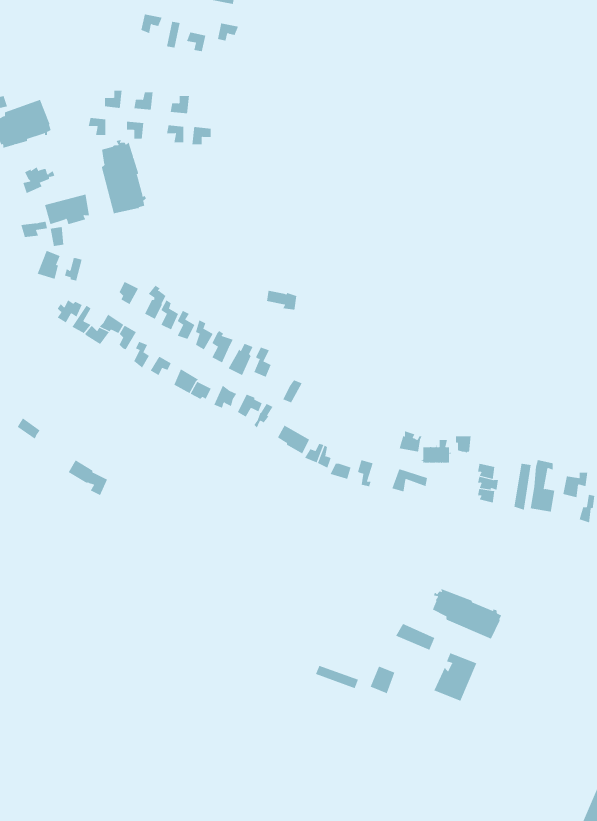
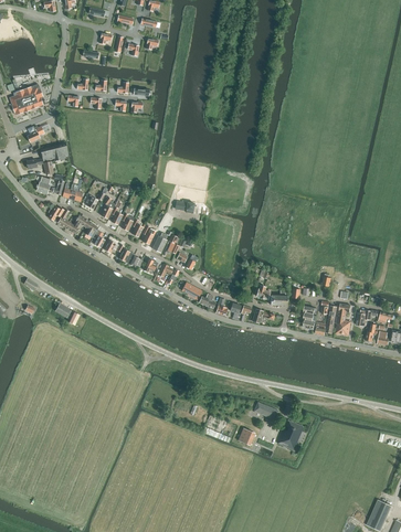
building: [101,139,147,214] -> none
building: [432,588,502,639] -> none

